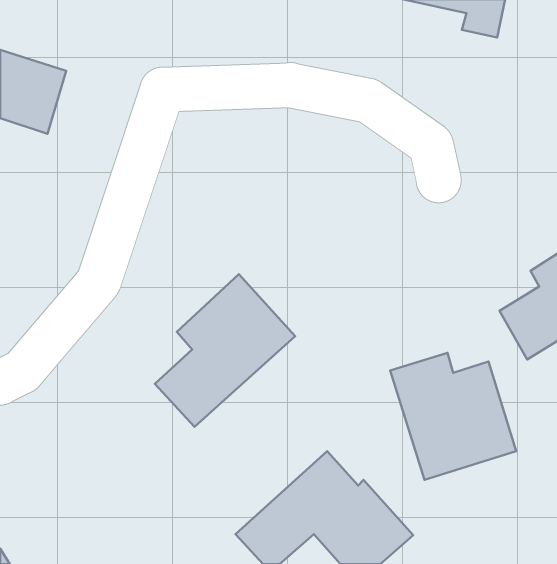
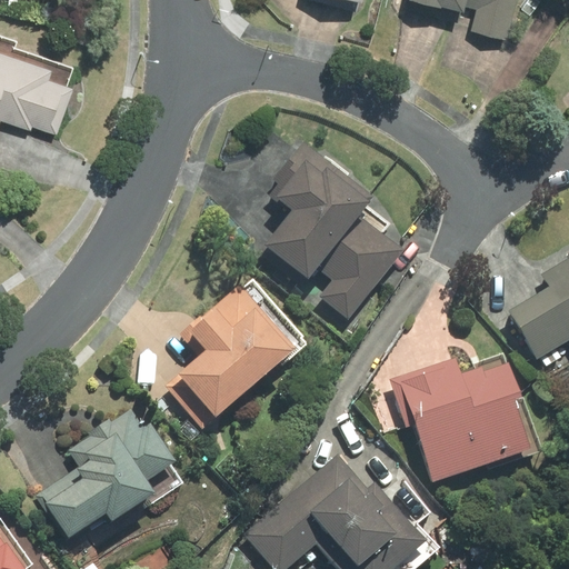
building: none -> [259,143,407,320]
building: none -> [36,400,176,541]

